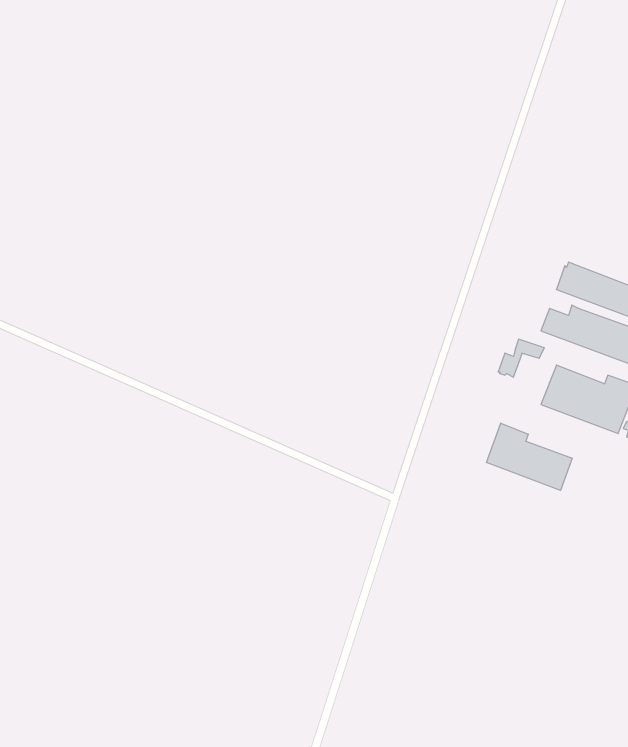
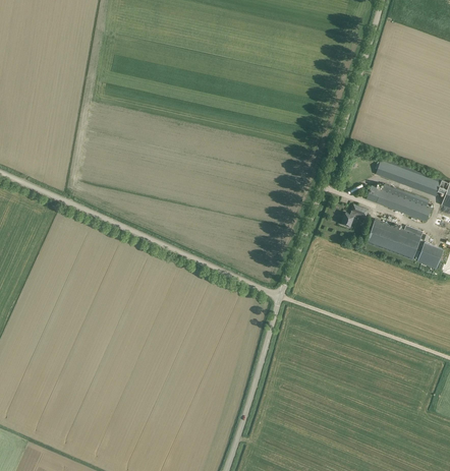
building: [487,423,572,490] -> none

